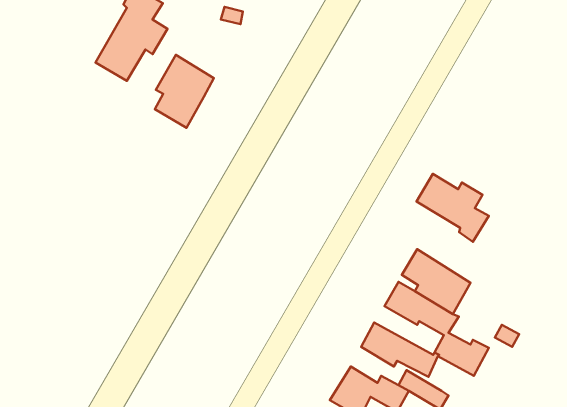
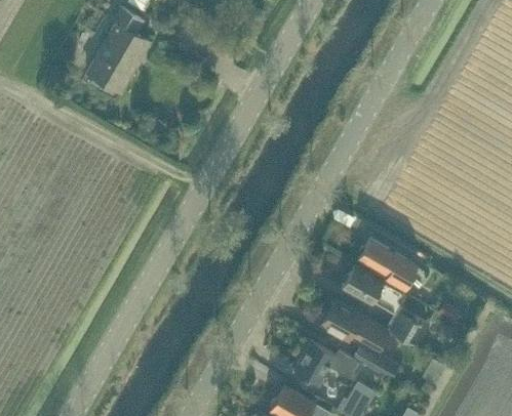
building: [155,55,214,128] -> none
building: [417,174,489,242] -> none

